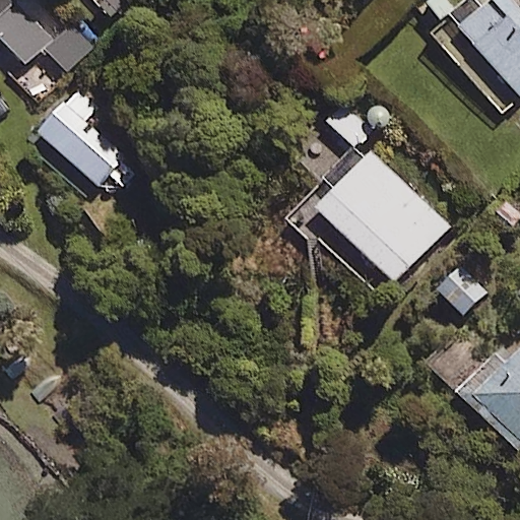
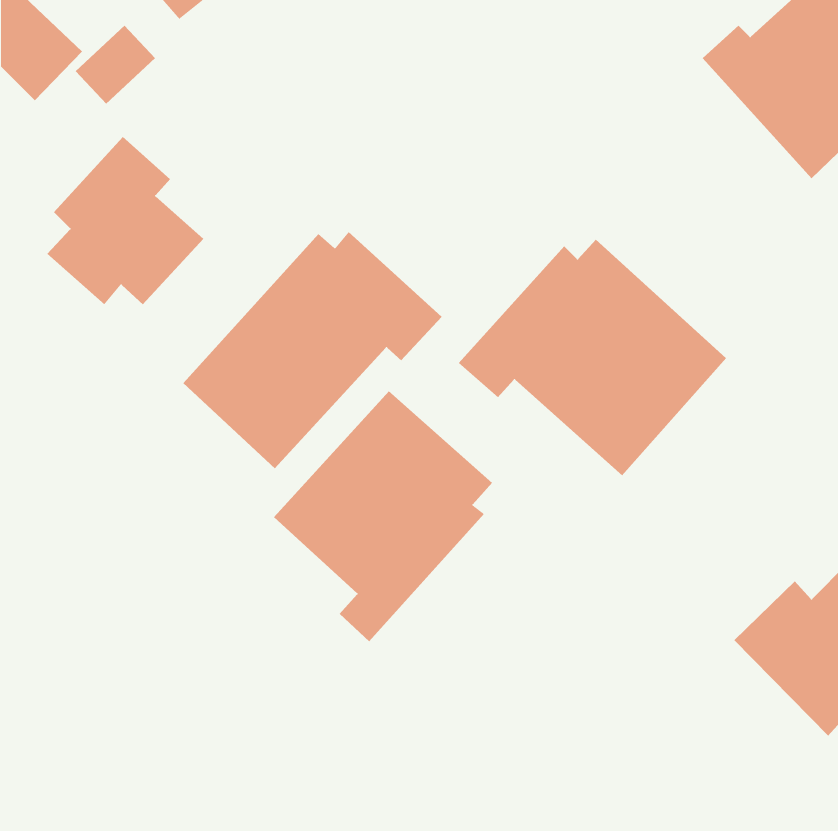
building: none -> [183,231,442,469]
building: none -> [273,391,493,642]

